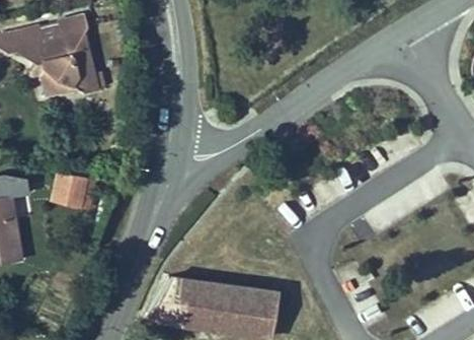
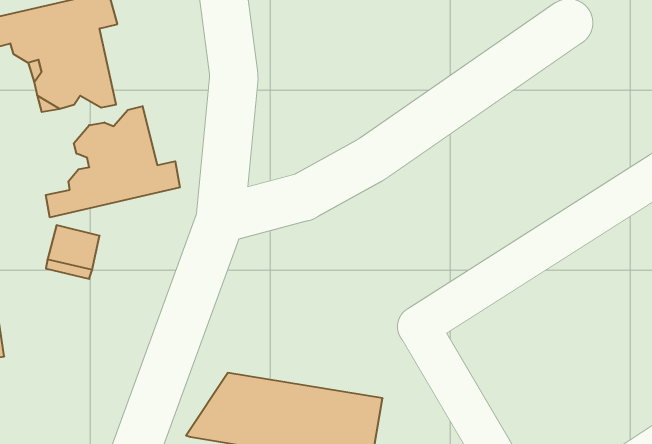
building: none -> [46,106,180,217]

